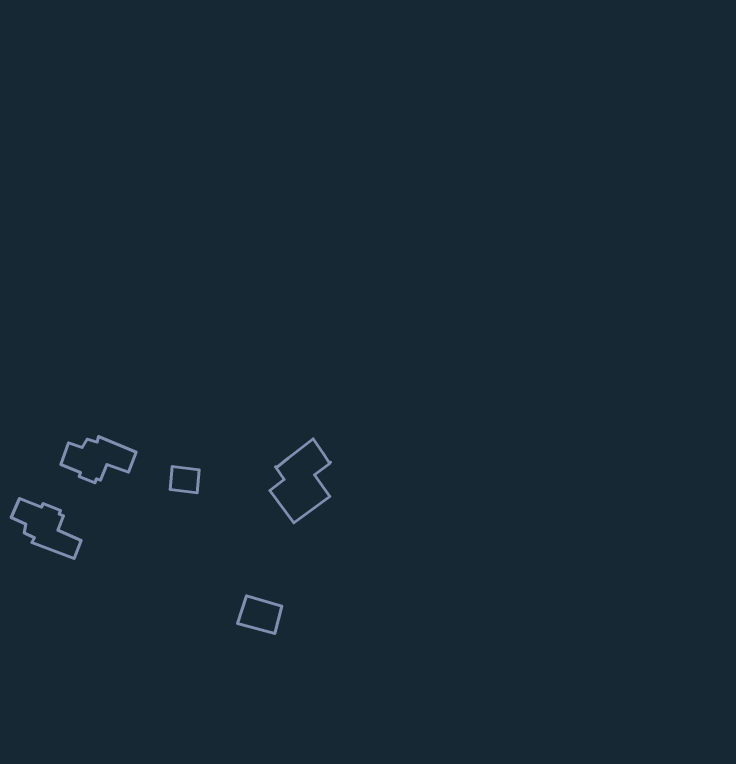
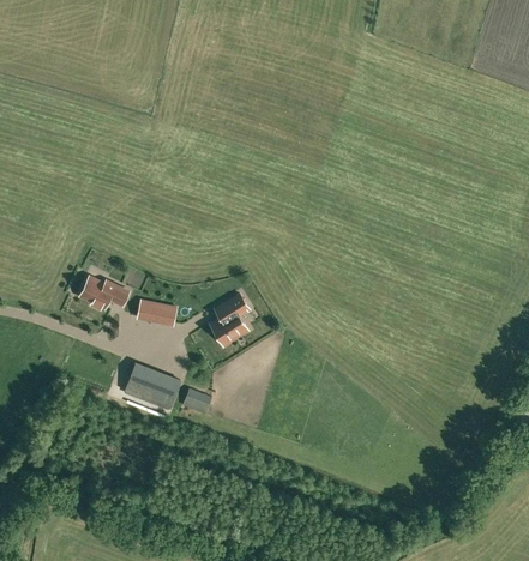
building: [11,498,81,558] -> none
building: none -> [124,363,179,408]

